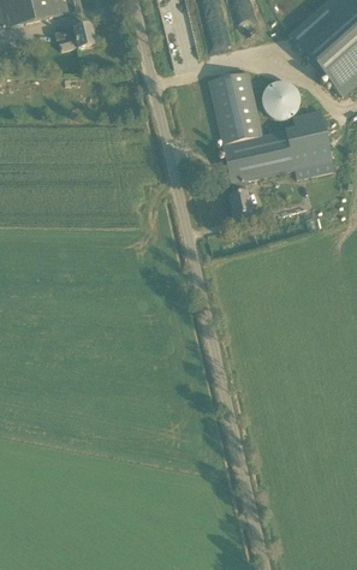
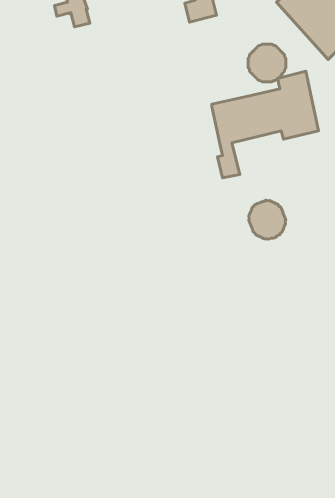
building: [209,71,262,143] -> none
building: none -> [249,200,286,239]

